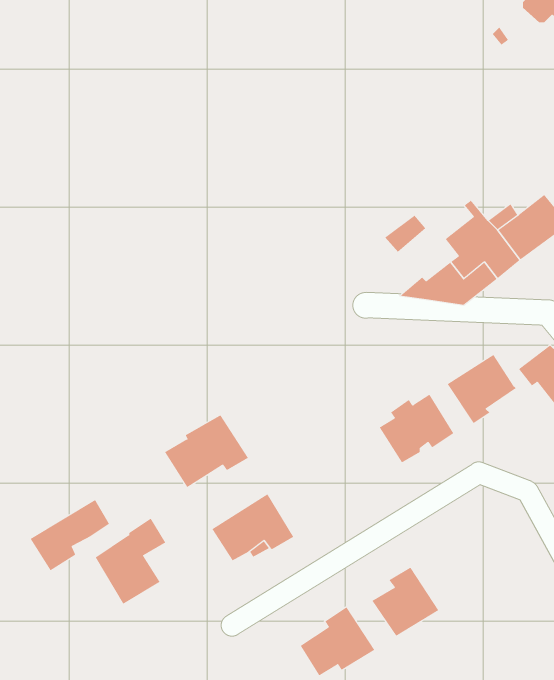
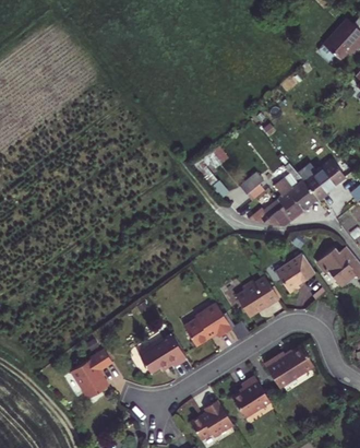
building: [164,414,249,488] -> [182,304,231,346]
building: [30,499,110,571] -> none
building: none -> [263,345,313,388]

